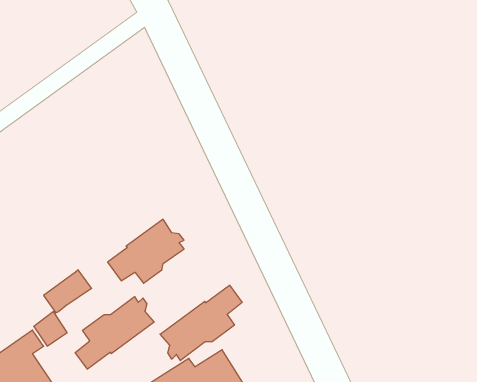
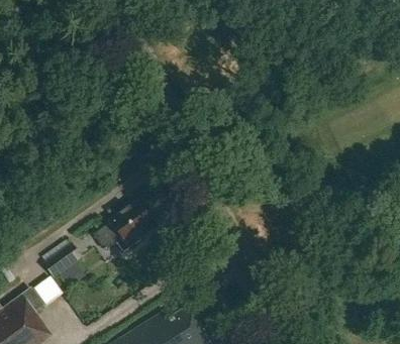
building: [160,285,242,361] -> none
building: [75,297,154,369] -> none

